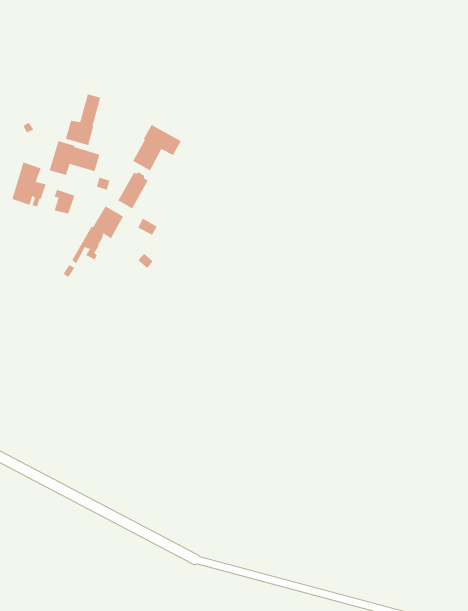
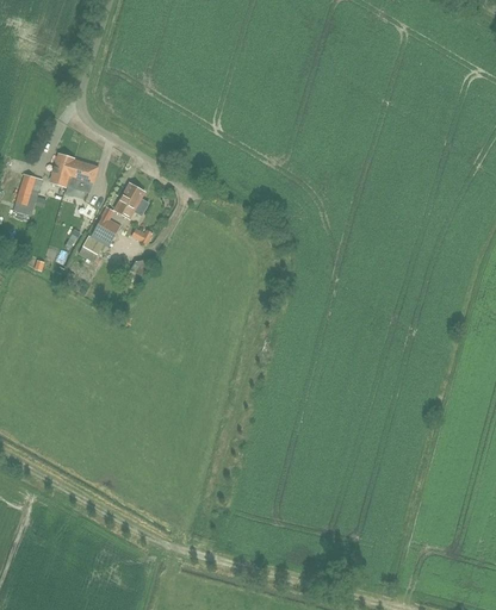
building: [65,93,101,146] -> none
building: [132,124,182,171] -> none

